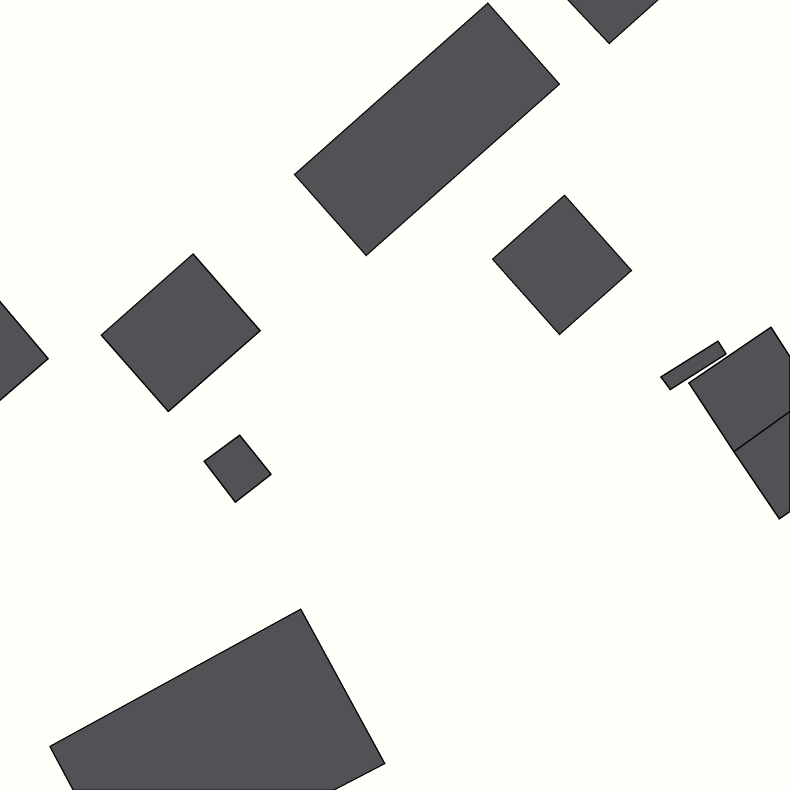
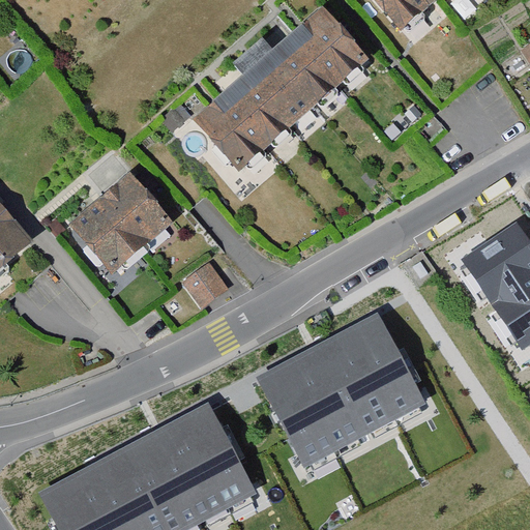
building: [493,195,632,335] -> none
building: [204,435,271,502] -> [180,265,225,310]
building: none -> [252,310,434,476]

